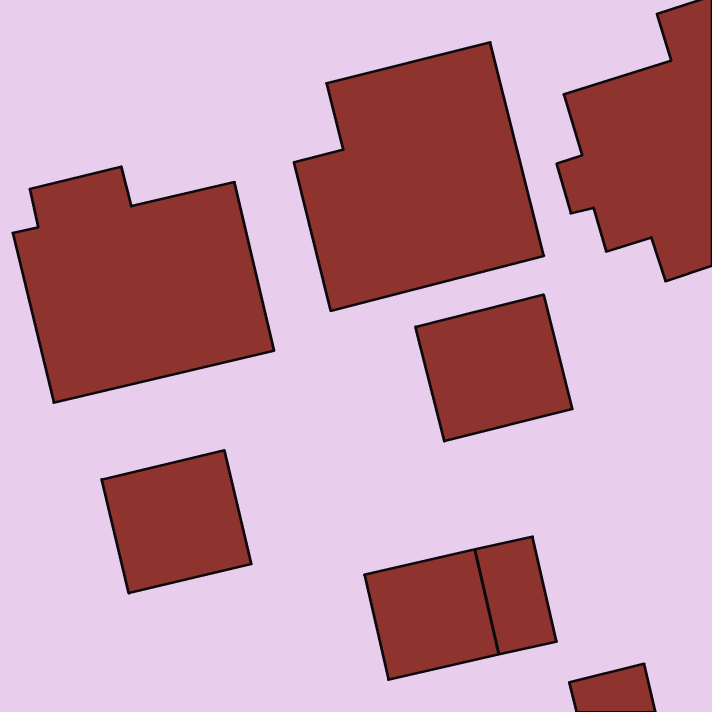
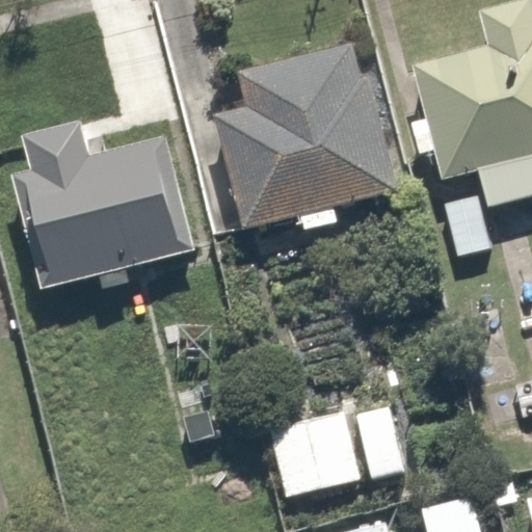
building: [416,295,572,441] -> none
building: [102,450,251,593] -> none

